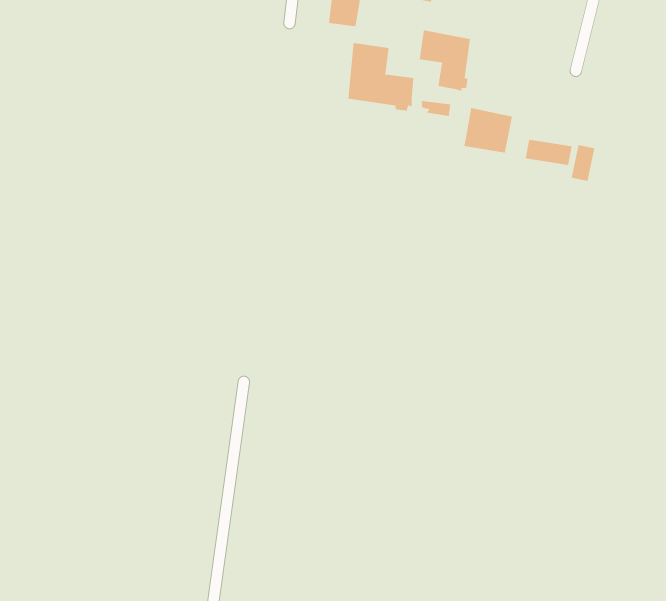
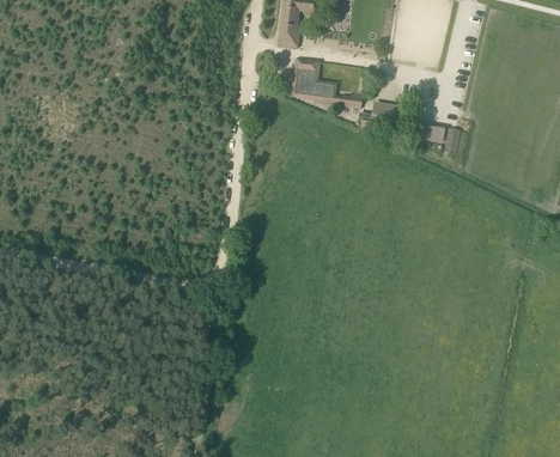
building: [419,29,471,92] -> none

